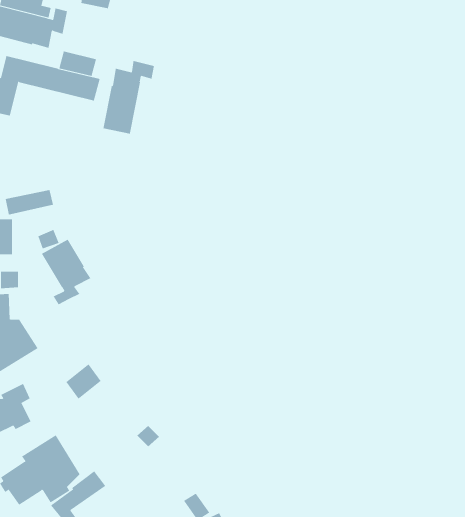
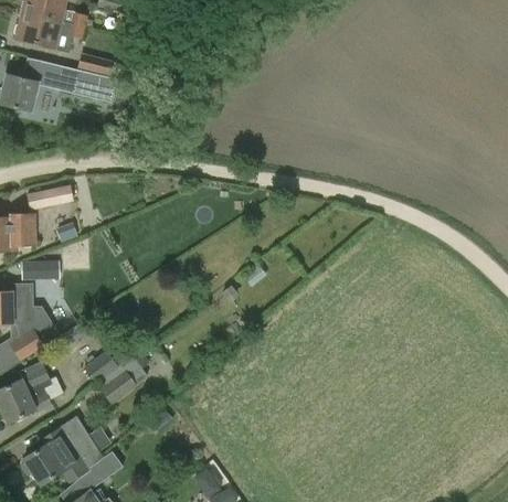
building: [103,60,154,135] -> none
building: [41,239,91,305] -> none
building: none -> [102,361,148,403]

